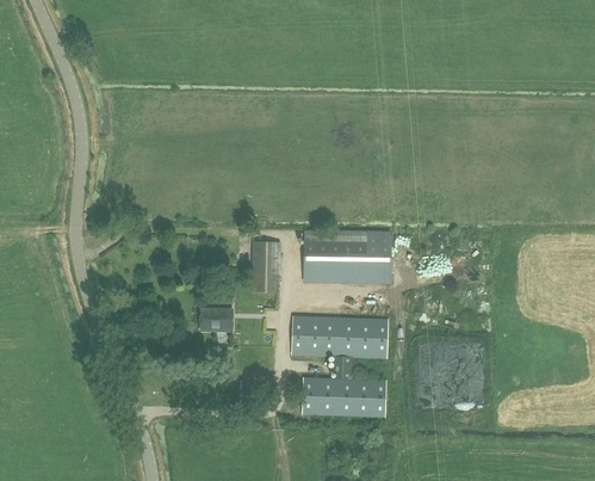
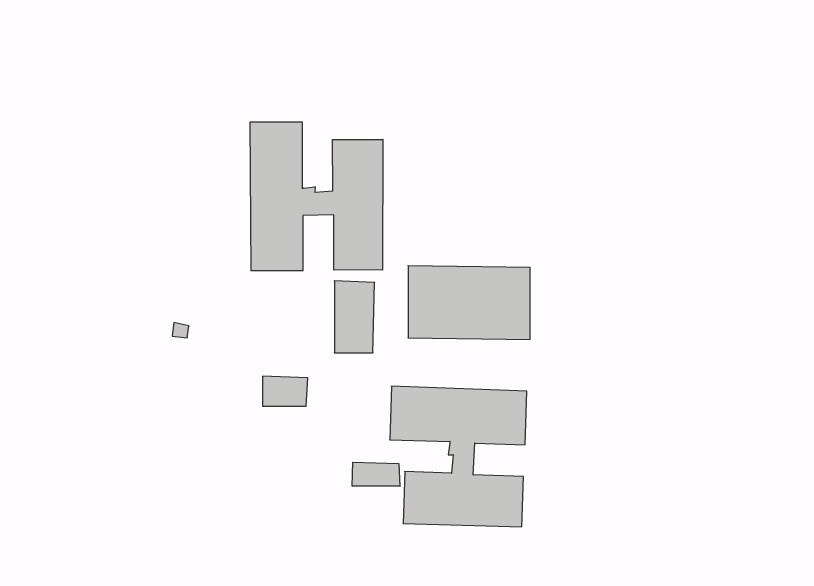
building: none -> [250,122,383,271]
building: none -> [352,462,400,486]

